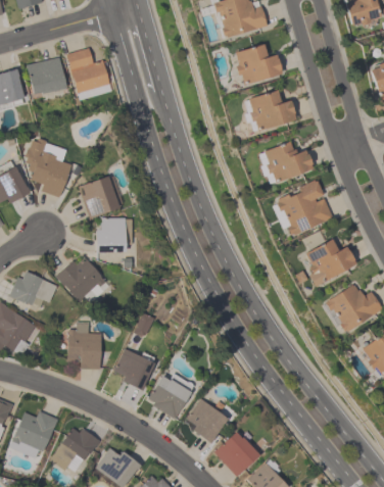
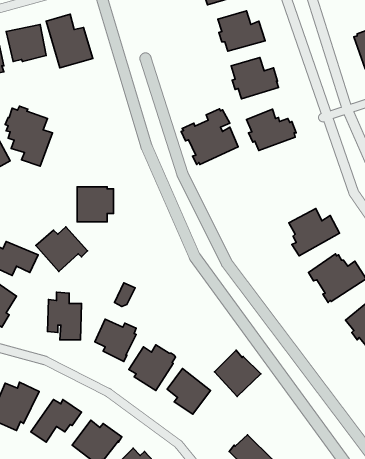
building: [80,176,123,217] -> none
building: [277,180,333,235] -> [181,109,238,165]
building: [214,431,260,477] -> [214,350,261,397]

